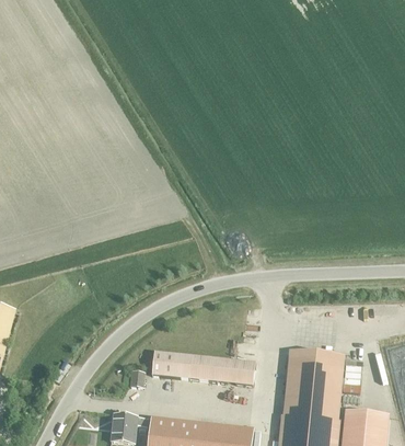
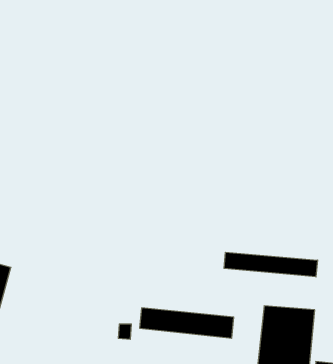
building: none -> [224,252,318,277]

